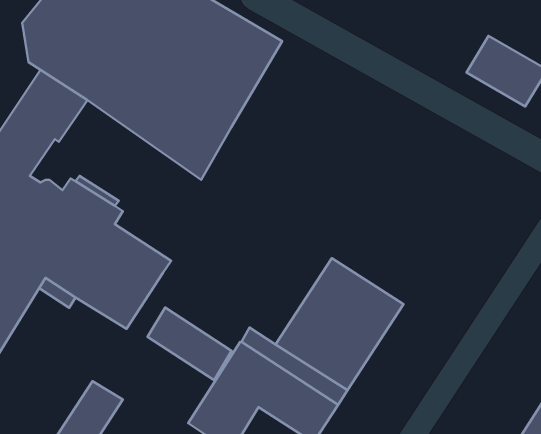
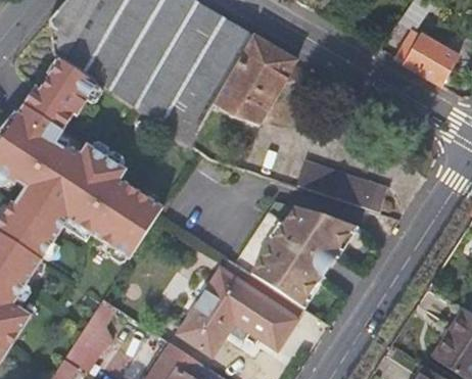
building: none -> [211,35,294,130]
building: none -> [297,160,385,212]
building: [147,308,232,380] -> none

